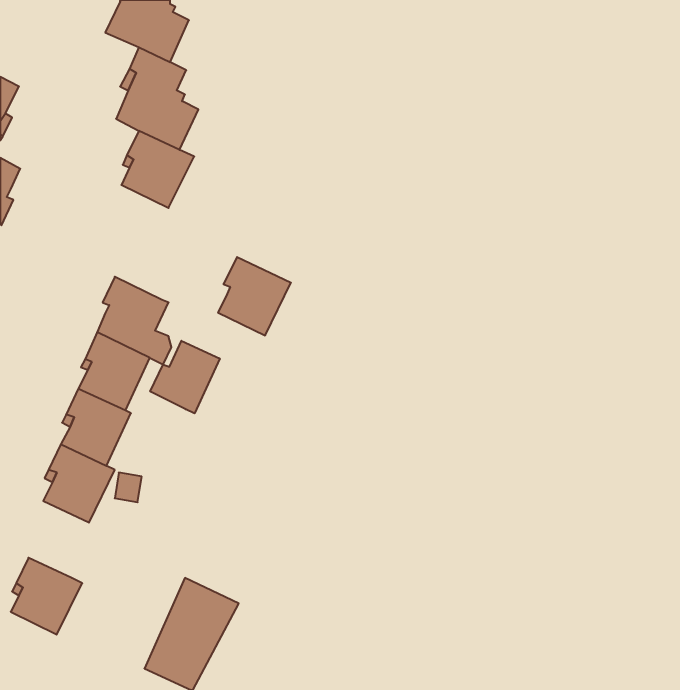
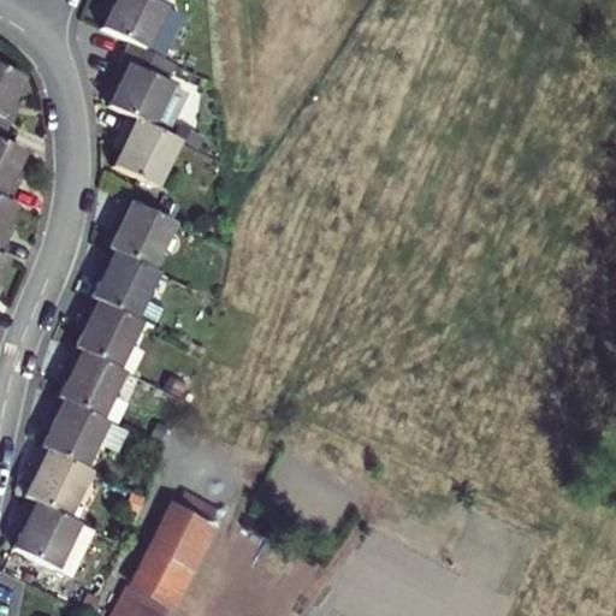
building: [218,257,291,335] -> [111,197,176,267]
building: [150,341,220,413] -> none
building: none -> [29,446,94,515]

